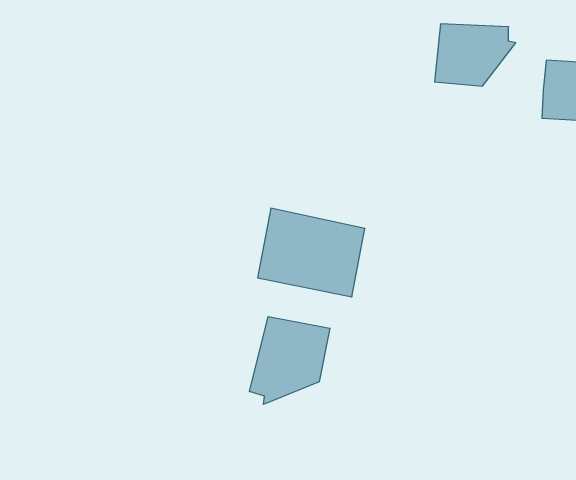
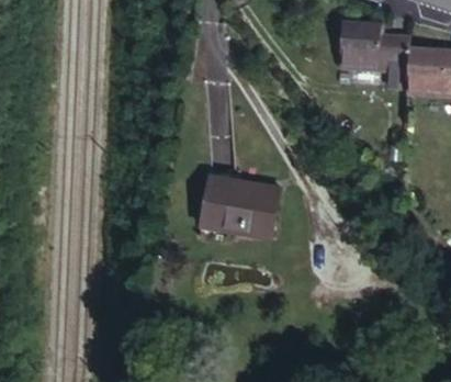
building: none -> [371,42,419,78]
building: [249,317,330,404] -> none

